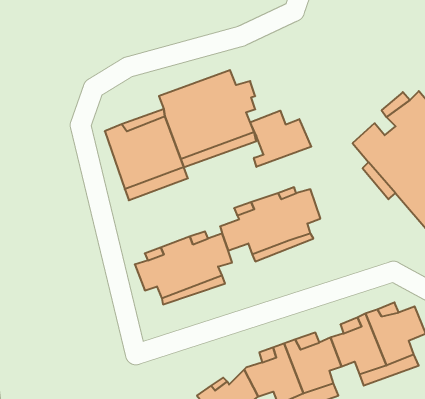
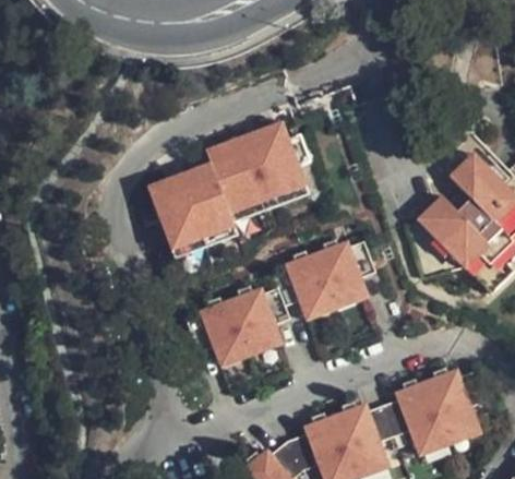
building: [250,111,311,167] -> none

